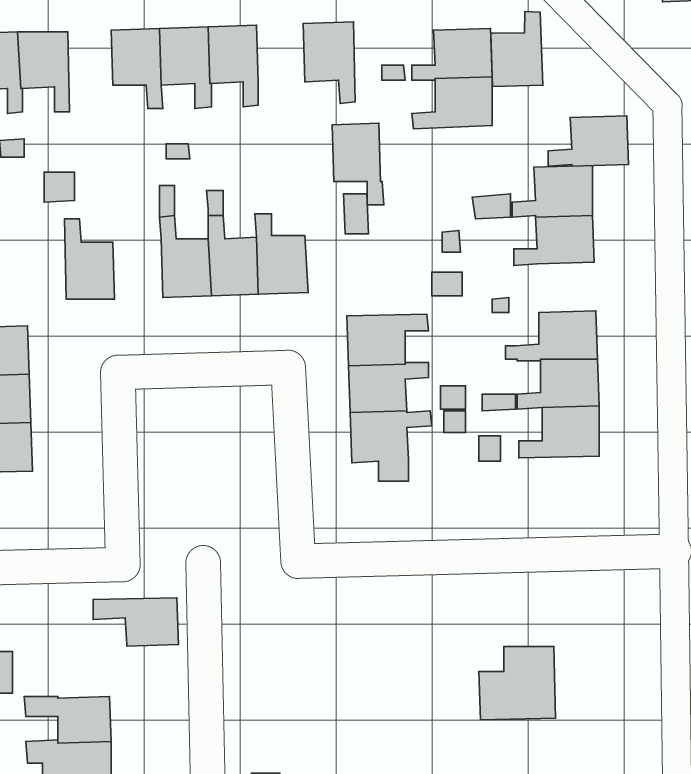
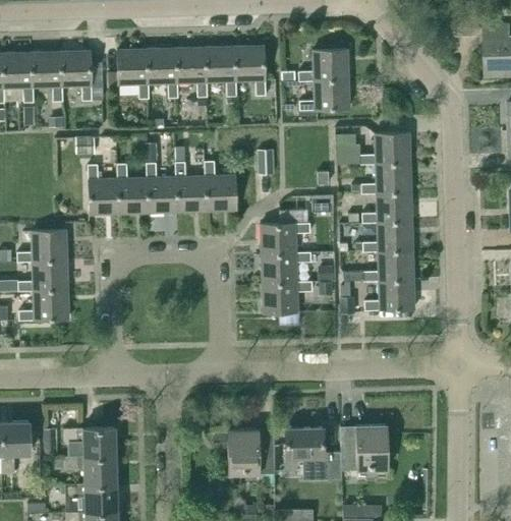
building: [491,12,543,87] -> none
building: [548,116,629,166] -> [363,191,412,222]
building: [332,123,384,205] -> [206,46,237,96]
building: none -> [118,164,149,214]
building: [93,598,179,646] -> [64,427,116,457]
building: none -> [286,427,341,479]
building: none -> [228,429,275,473]

